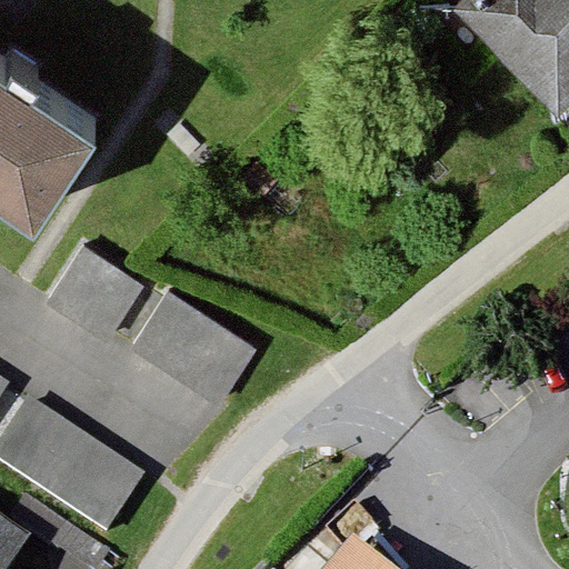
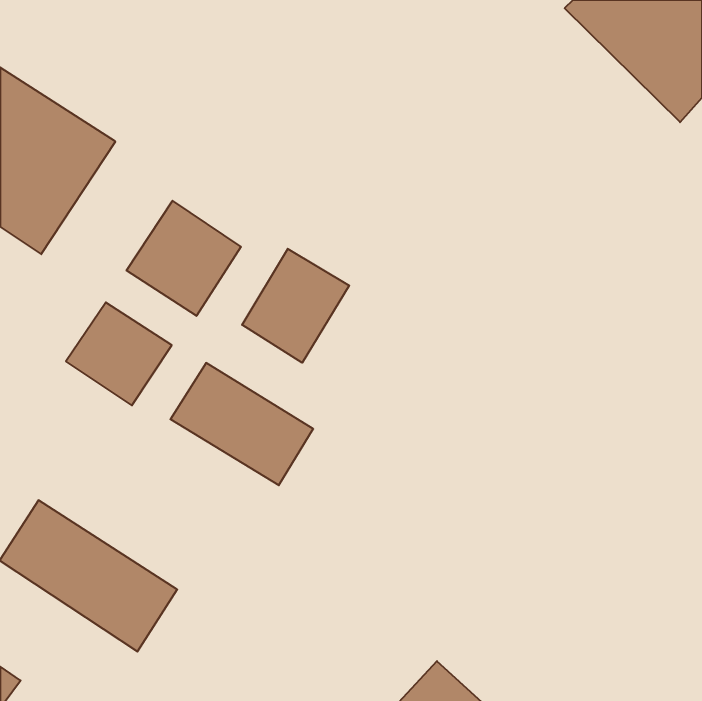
building: none -> [127,201,241,316]
building: none -> [242,249,349,363]

